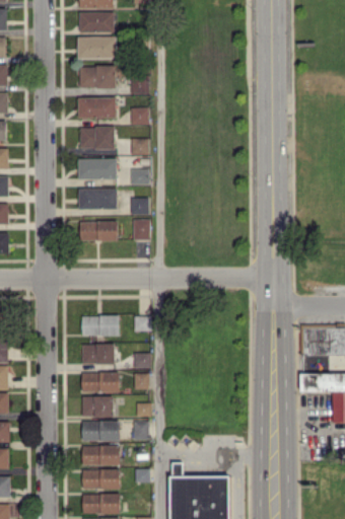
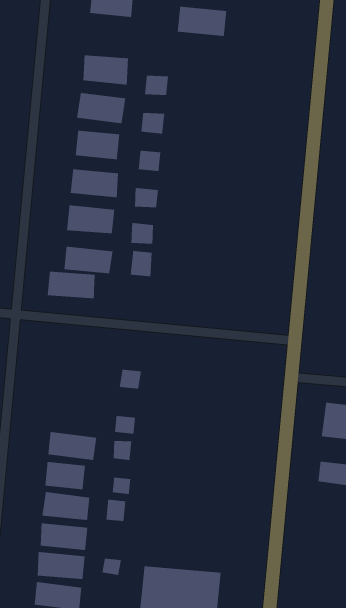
building: [78,38,117,59] -> [177,6,227,37]
building: [82,315,121,337] -> [47,271,96,299]
building: [83,345,115,364] -> none

